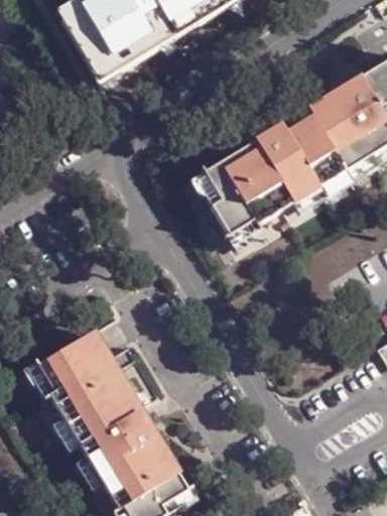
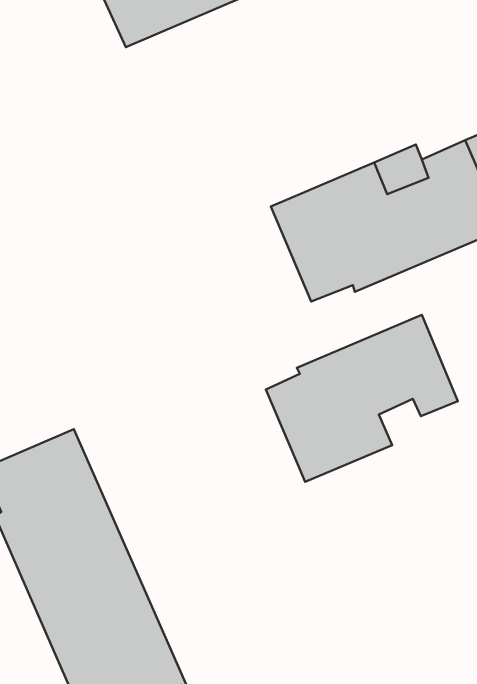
building: none -> [266,315,458,482]

